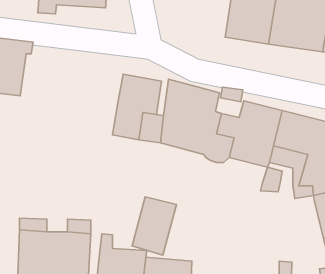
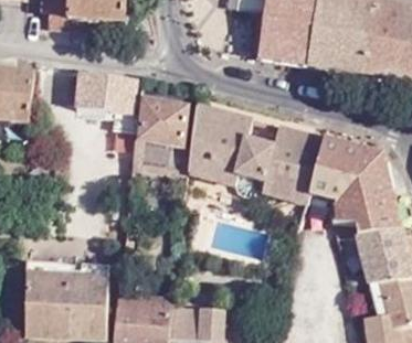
building: none -> [74,73,137,132]
building: [132,197,176,255] -> none

